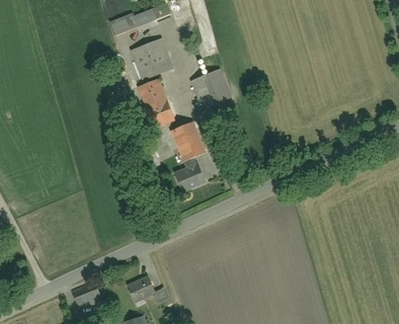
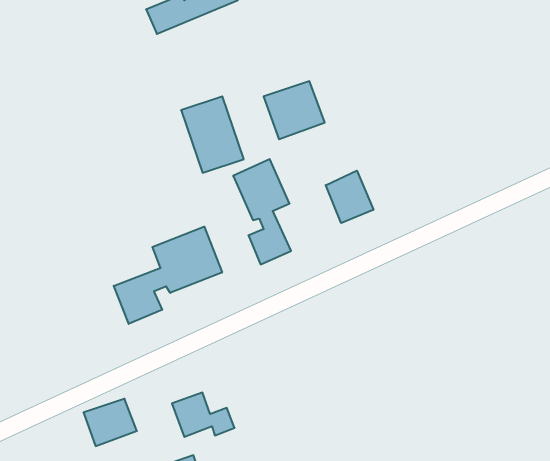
building: [132,39,171,76] -> none
building: none -> [326,171,373,223]
building: none -> [114,227,222,324]

